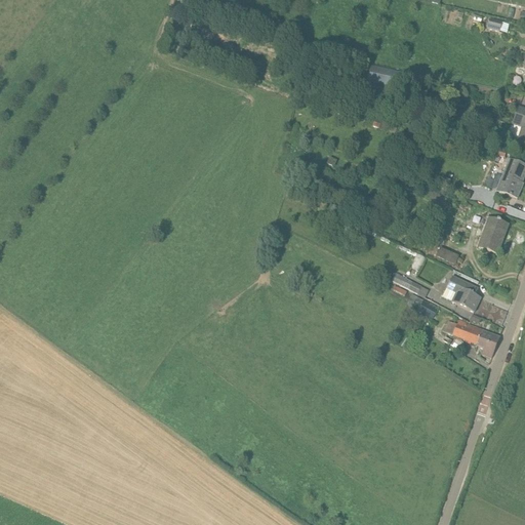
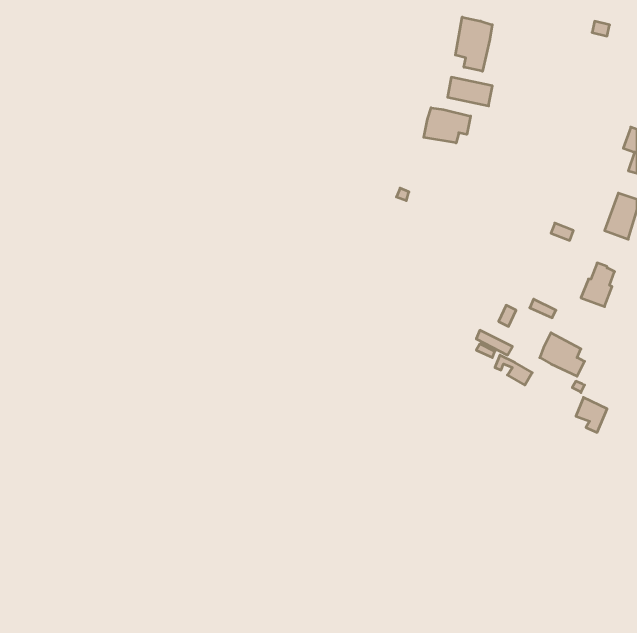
building: none -> [455,17,492,71]
building: none -> [424,108,471,143]
building: [441,318,480,342] -> none

